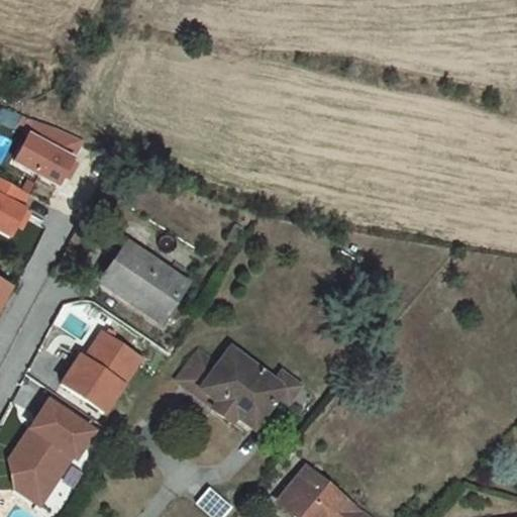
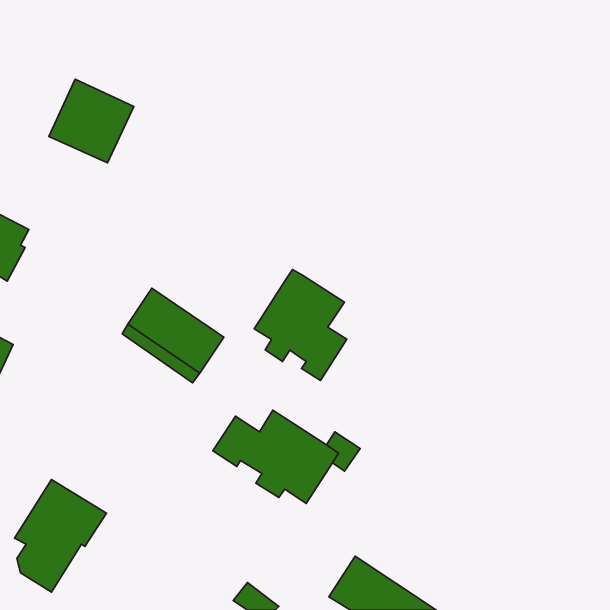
building: [13,119,85,190] -> [49,79,134,163]
building: none -> [254,269,347,380]
building: [61,332,139,411] -> none

